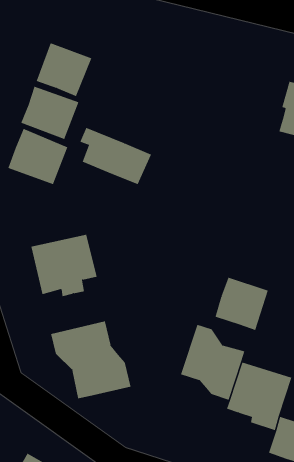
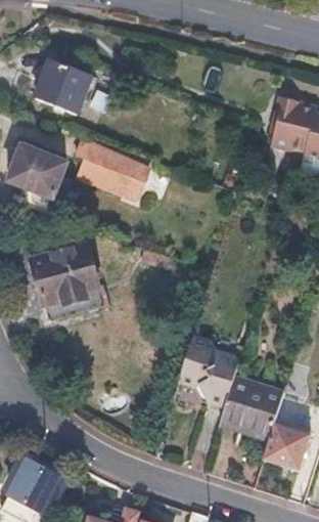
building: [20,86,79,140] -> none
building: [215,277,269,331] -> none
building: [51,320,131,399] -> none

